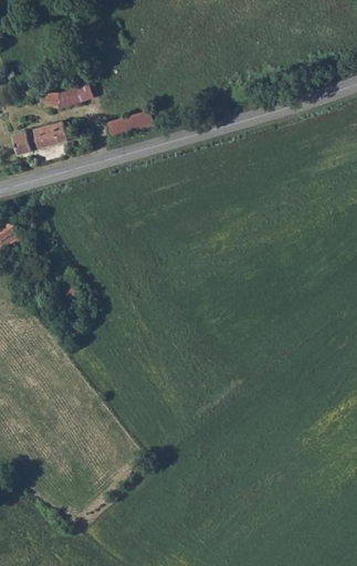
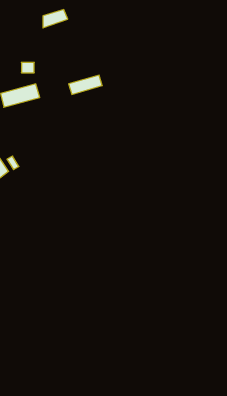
building: [60,83,94,108] -> [43,10,68,28]

